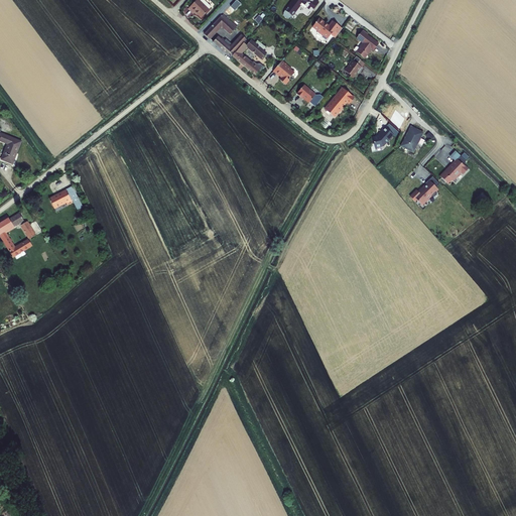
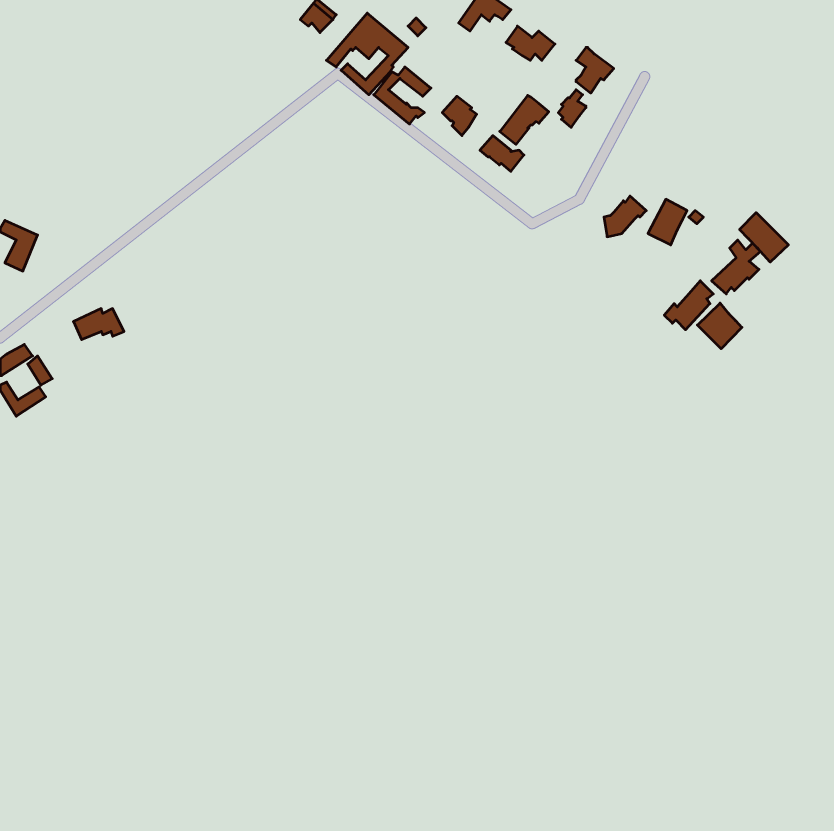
building: [325,86,355,116] -> [500,95,549,144]
building: none -> [740,213,788,262]
building: none -> [697,303,742,349]

